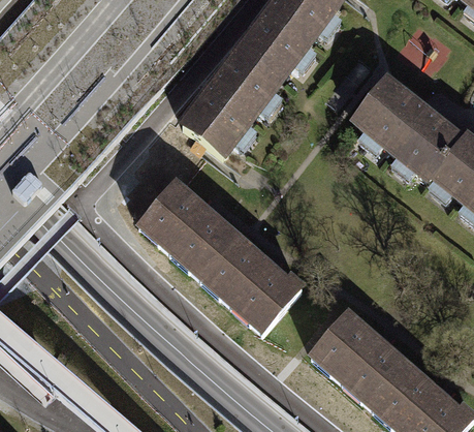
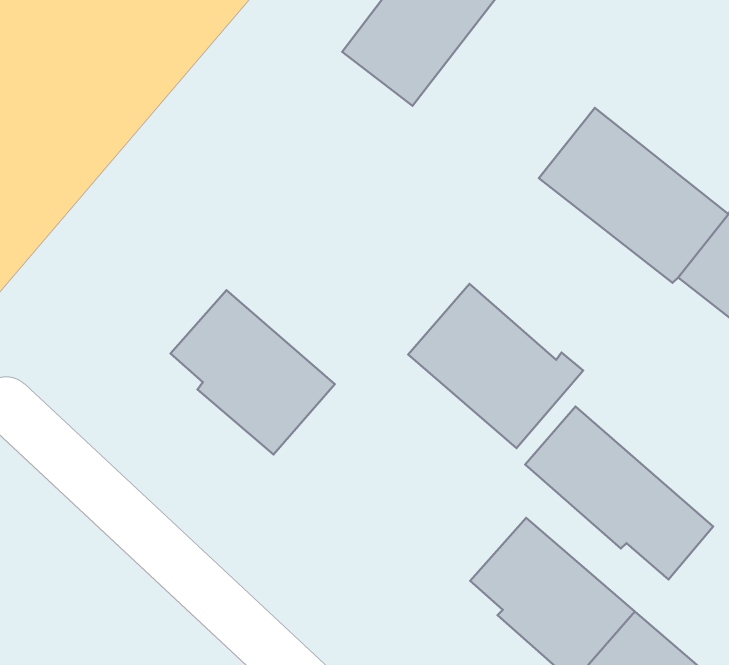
building: [182,45,281,154] -> none
building: [201,236,302,330] -> [408,284,583,448]
building: none -> [525,406,713,579]

